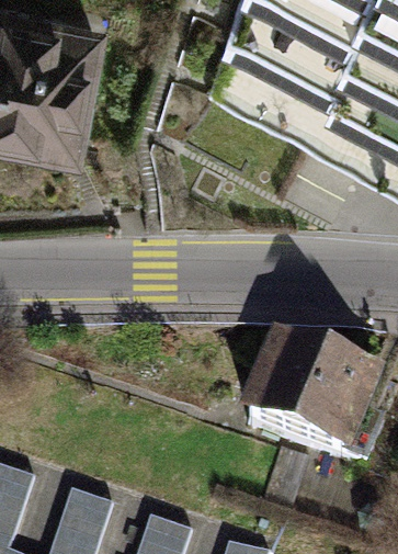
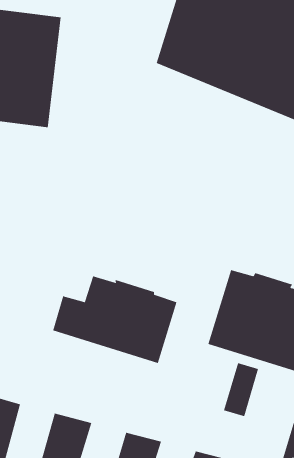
building: none -> [52,276,177,364]

